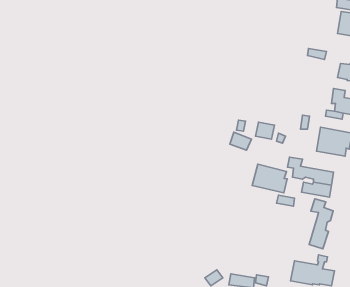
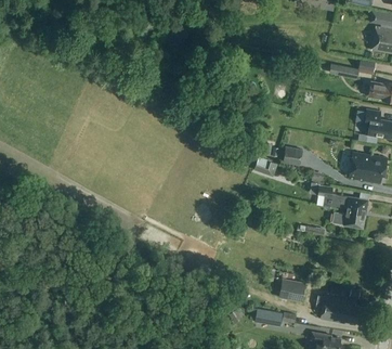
building: [252,164,287,193] -> none
building: [309,199,333,249] -> none
building: none -> [277,277,304,301]

